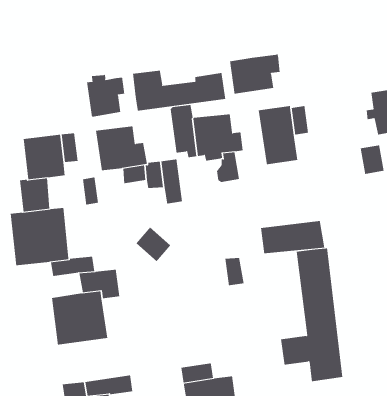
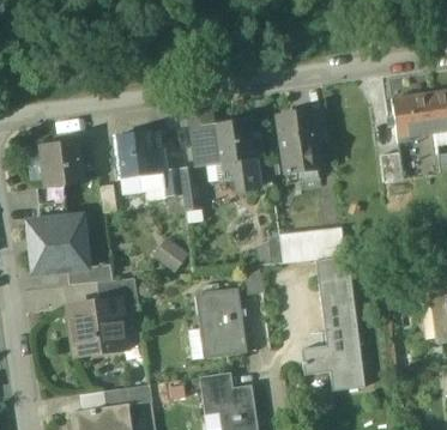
building: [230,54,280,95] -> none
building: [133,70,226,111] -> none
building: [86,74,125,118] -> none
building: none -> [195,287,248,359]

